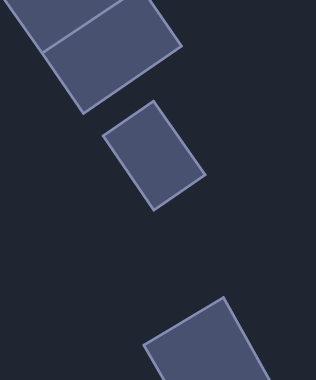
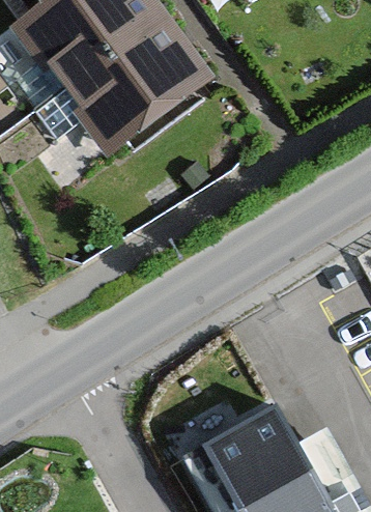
building: [103,101,205,210] -> none

